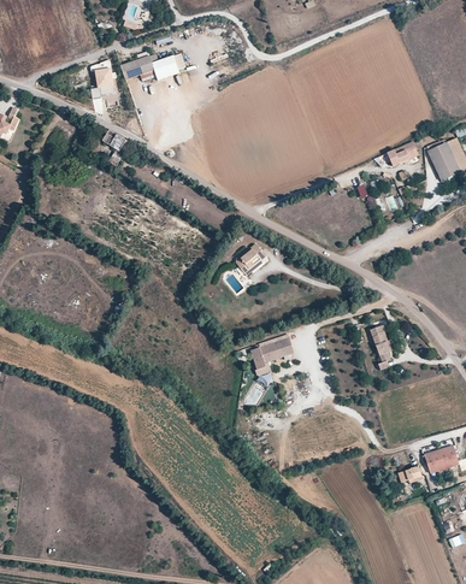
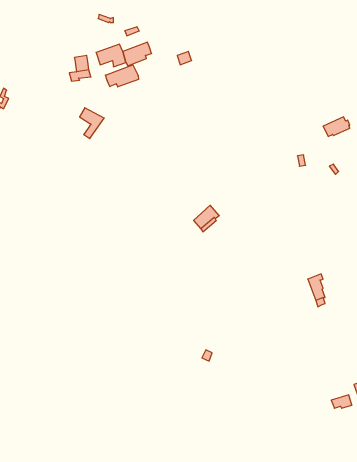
building: none -> [105,65,138,87]
building: [249,336,293,367] -> none

